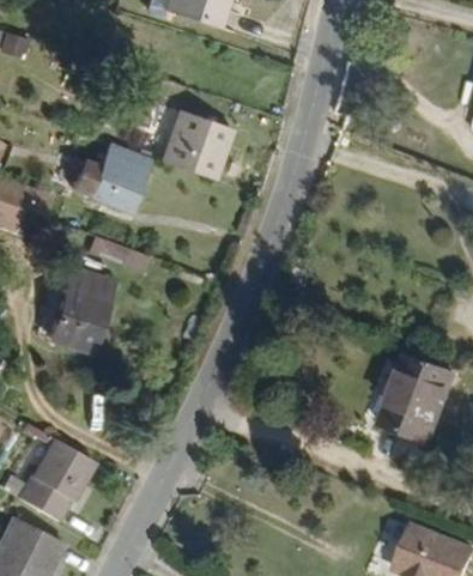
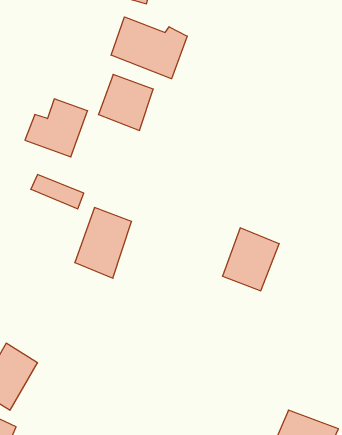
building: none -> [111,17,187,79]
building: [50,267,120,353] -> [75,208,132,278]
building: [378,360,448,437] -> [222,228,279,291]

